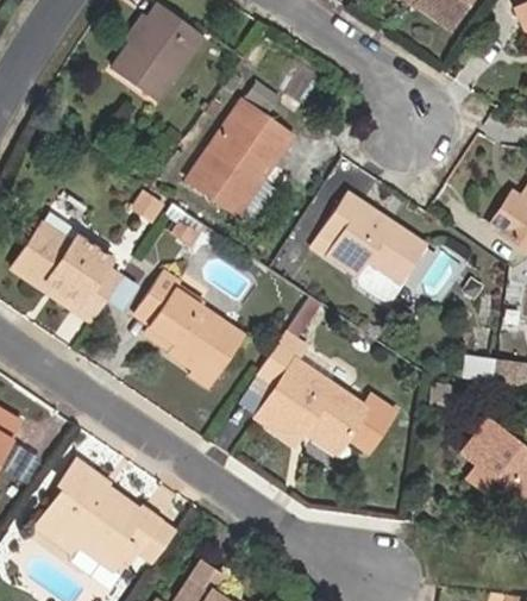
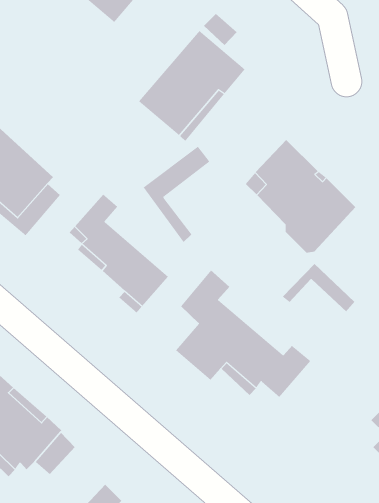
building: none -> [143,146,210,243]
building: none -> [282,263,355,312]

